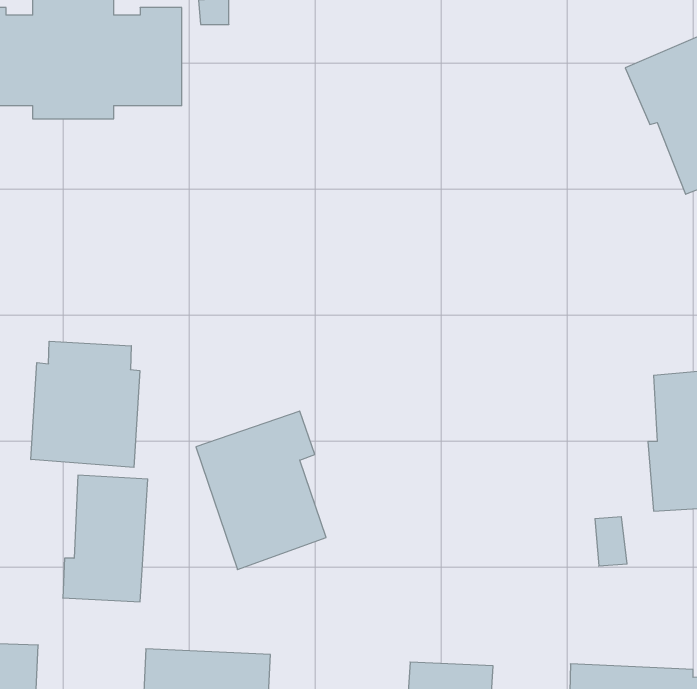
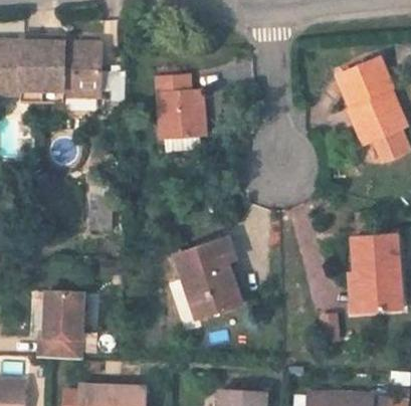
building: none -> [156,73,204,138]
building: [31,341,140,467] -> none
building: [196,411,326,570] -> [174,235,243,320]

